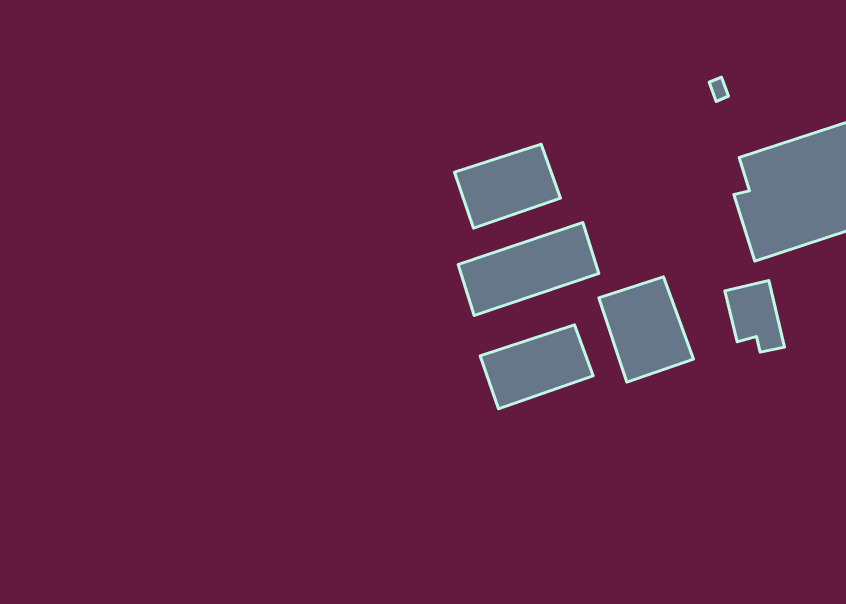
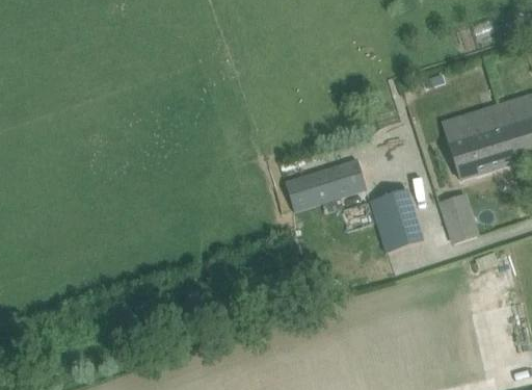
building: [454,144,561,228] -> none
building: [480,325,593,409] -> none

